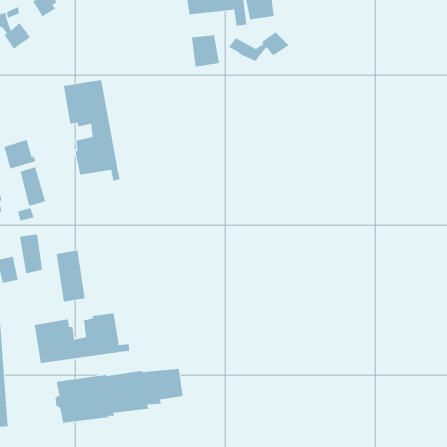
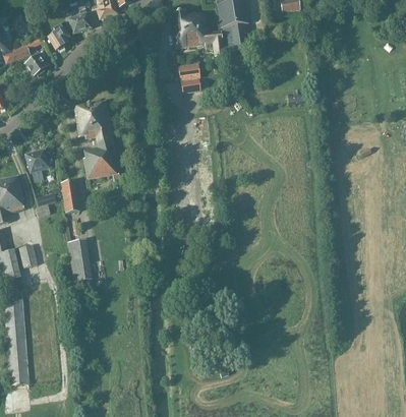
building: [228,31,290,62] -> none
building: [19,234,43,274] -> [61,180,80,213]
building: [34,313,129,364] -> none
building: [55,368,183,424] -> none

